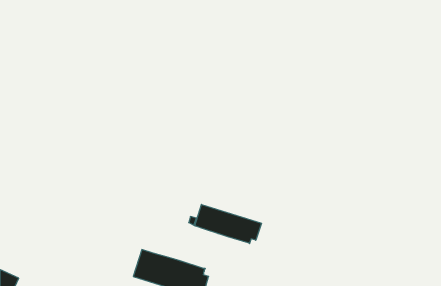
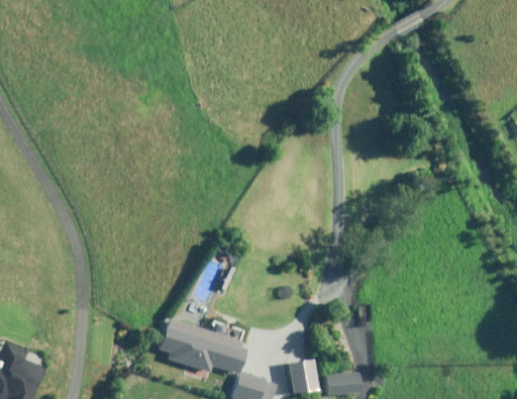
building: [195,204,262,244] -> none

